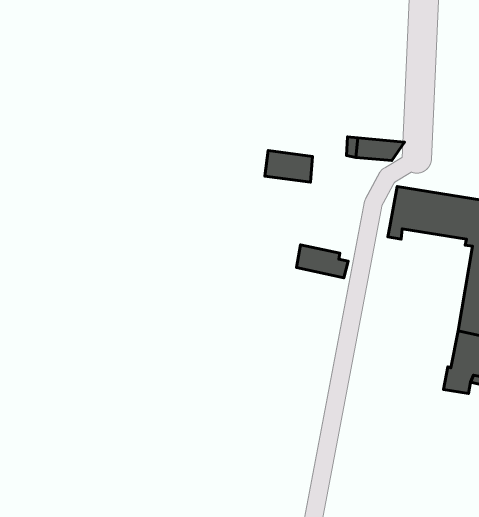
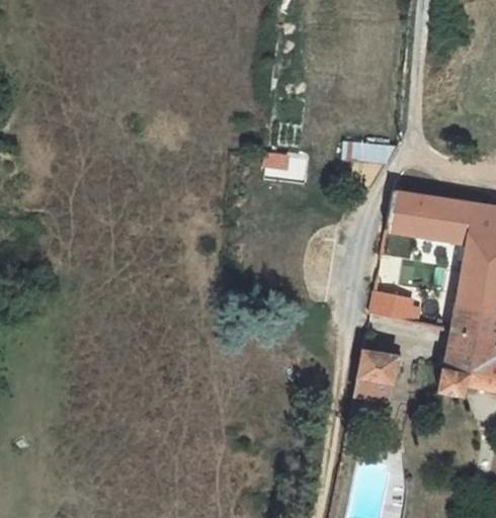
building: [296,245,348,278] -> [370,290,421,323]
building: none -> [355,349,403,399]

